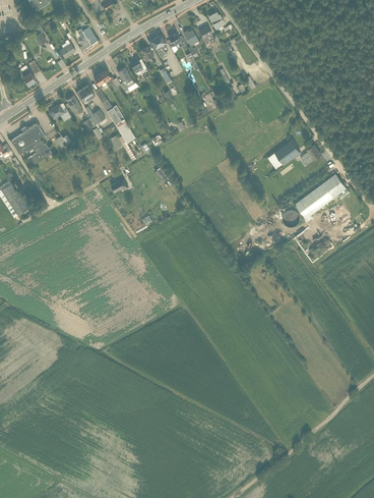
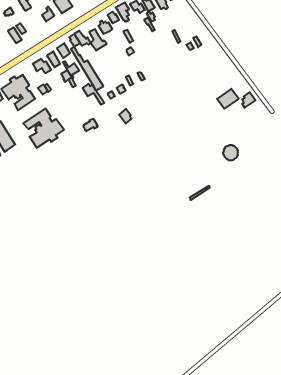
building: none -> [23,109,64,148]
building: [294,172,346,217] -> none

